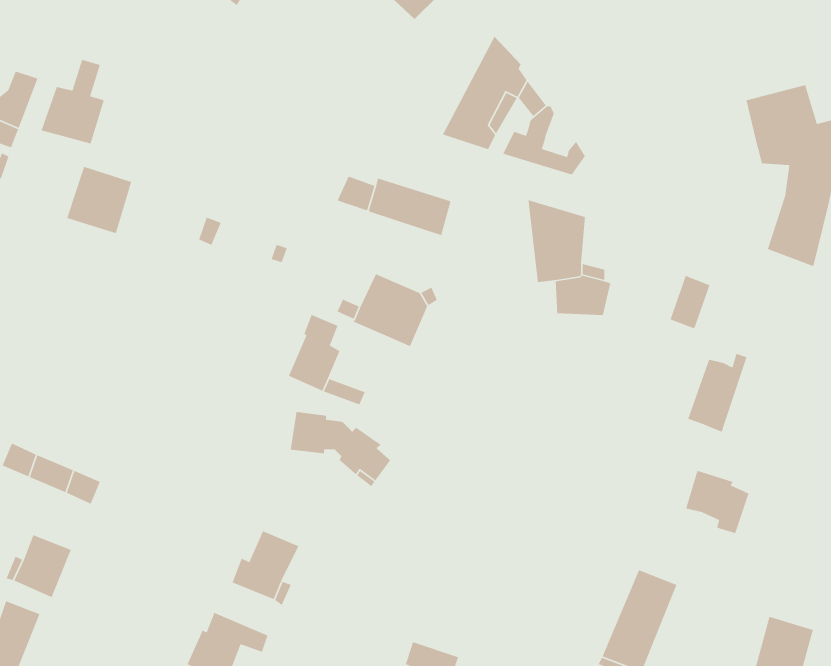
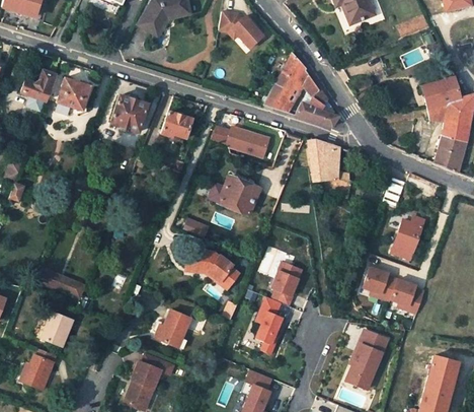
building: none -> [160,112,191,138]
building: [66,166,132,234] -> [110,96,145,132]
building: none -> [255,260,304,353]
building: none -> [363,266,397,300]

